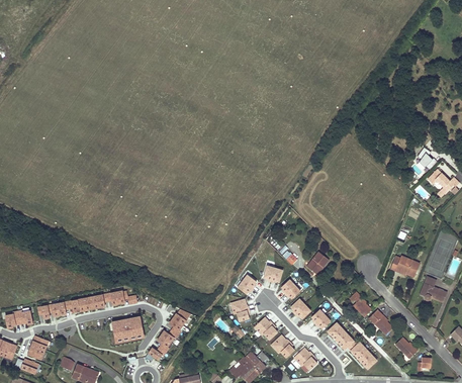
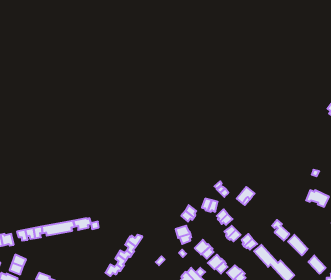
building: [112,315,144,339] -> none

